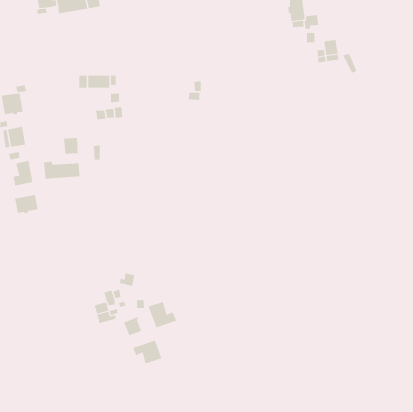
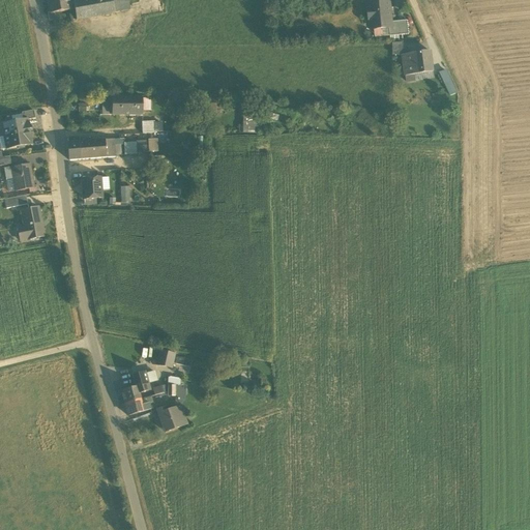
building: [43,161,80,179] -> [66,136,114,158]
building: [15,194,38,214] -> none
building: [148,301,177,328] -> none
building: [132,340,162,364] -> none

